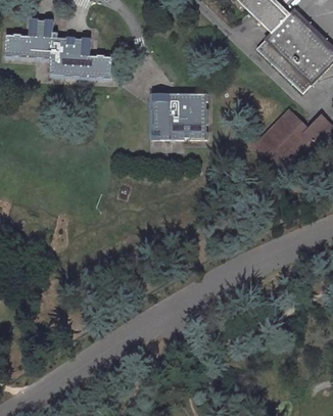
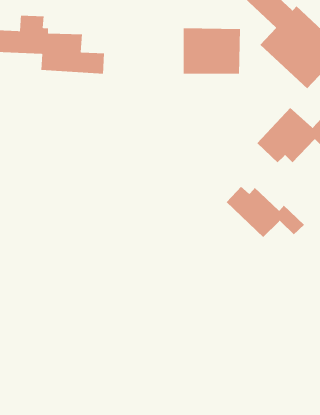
building: [149,92,205,137] -> [183,28,241,74]
building: none -> [226,186,305,238]

